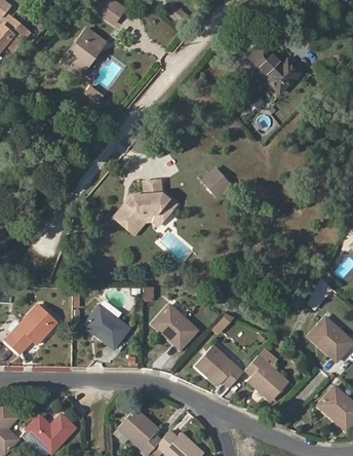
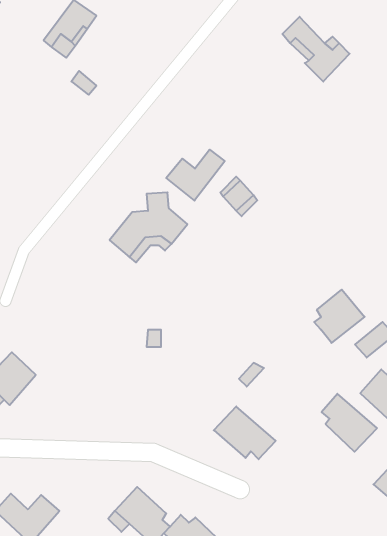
building: none -> [166,150,225,201]
building: none -> [314,290,365,343]
building: [84,305,129,348] -> none
building: [152,305,196,350] -> none
building: [245,356,288,402] -> [322,394,377,452]

